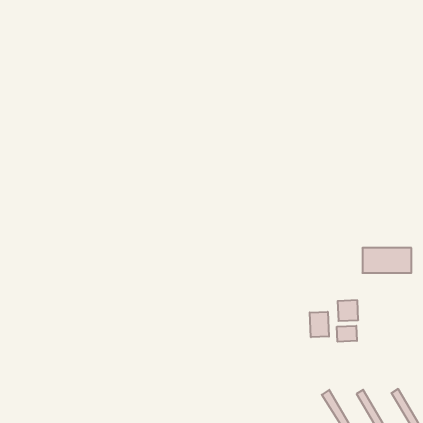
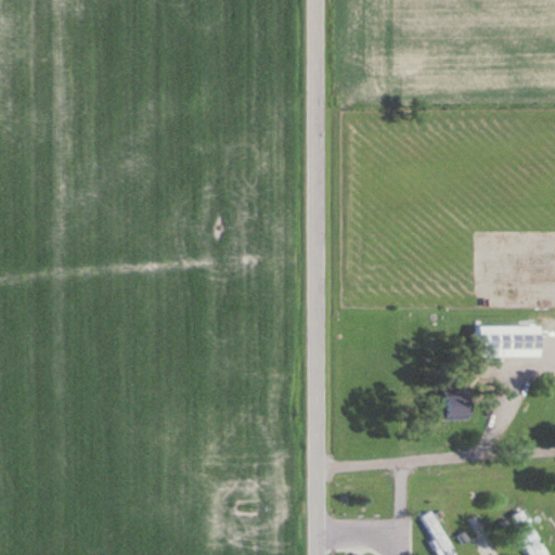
building: [310,312,329,337] -> none
building: [337,326,357,342] -> none

